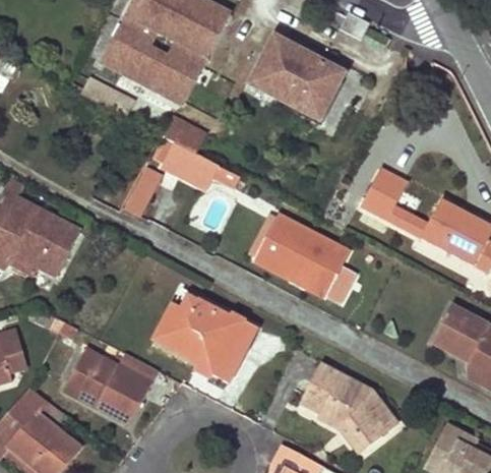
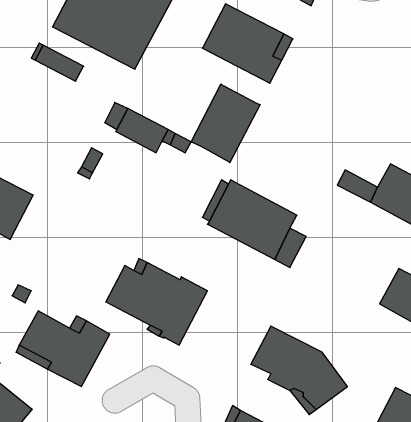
building: [164,117,206,154] -> none
building: none -> [191,84,260,163]
building: [362,168,409,221] -> none

